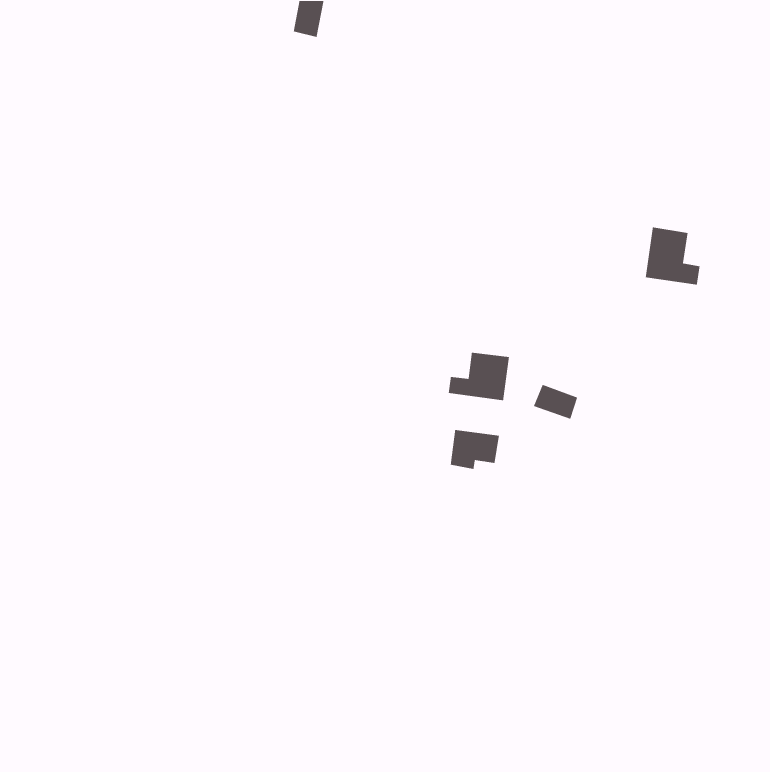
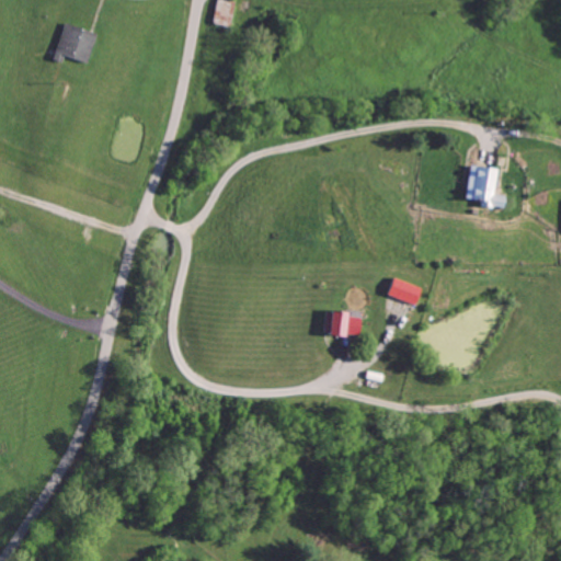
building: none -> [54,24,95,64]
building: [448,352,510,401] -> none

